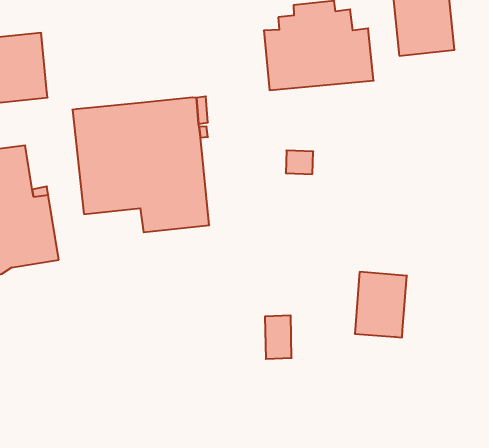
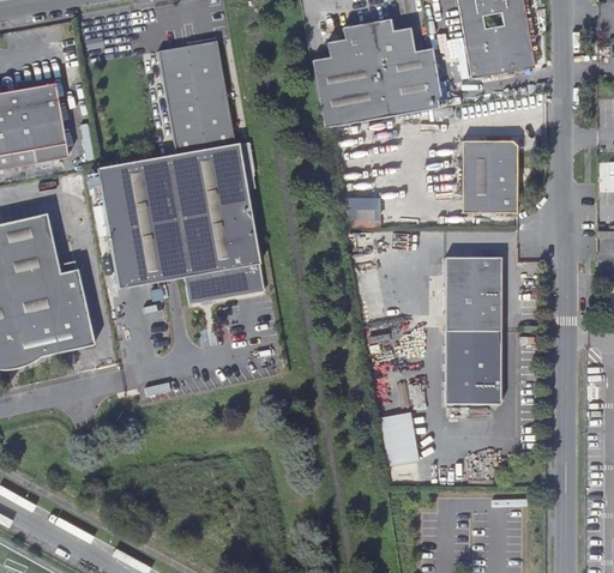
building: none -> [158,40,235,153]
building: none -> [462,140,517,212]
building: none -> [445,257,501,330]
building: [265,315,292,359] -> [384,410,419,463]

